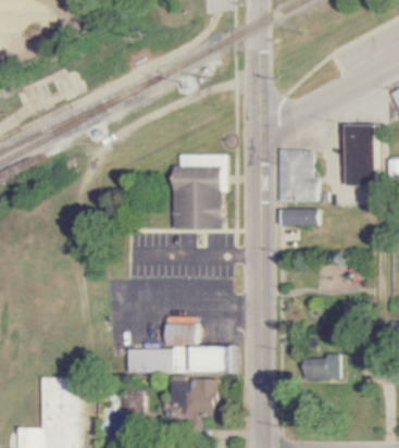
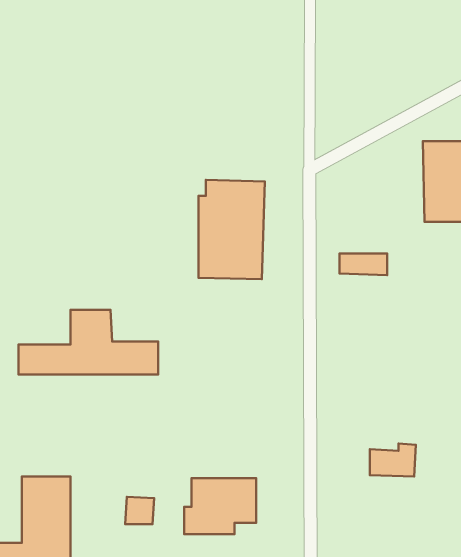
building: [277,150,320,202] -> none
building: [126,323,232,372] -> [19,310,158,375]

